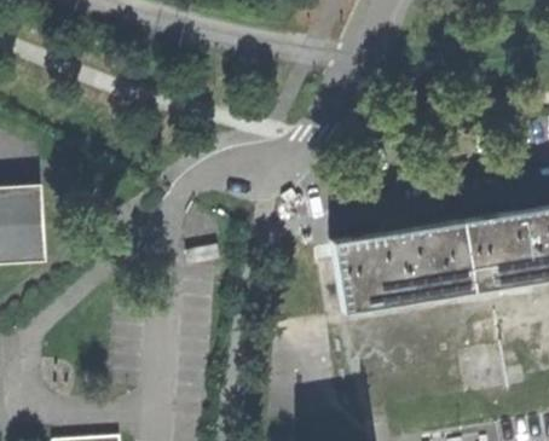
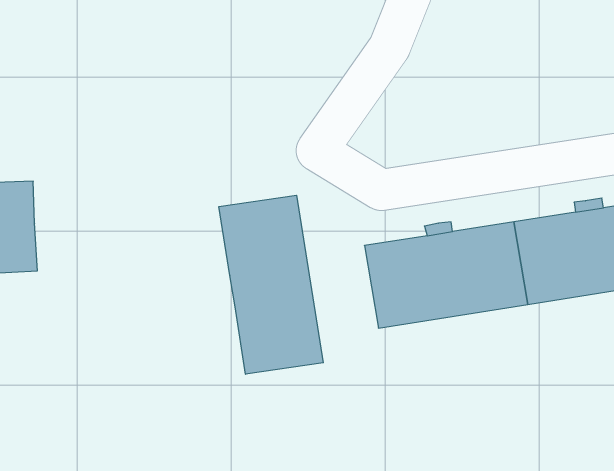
building: none -> [219,195,323,374]

